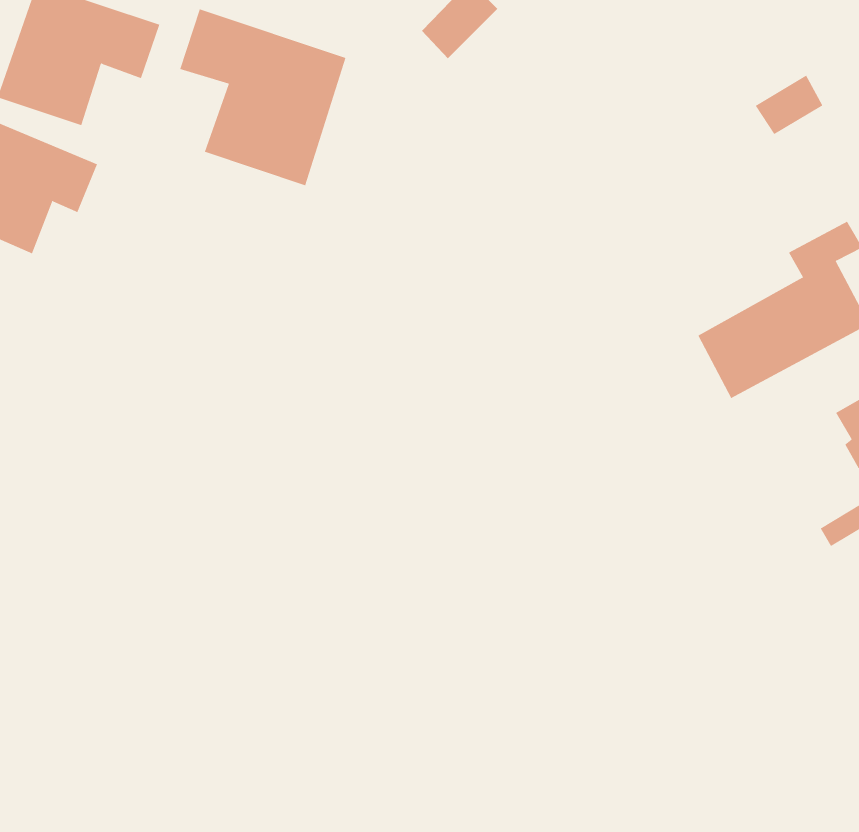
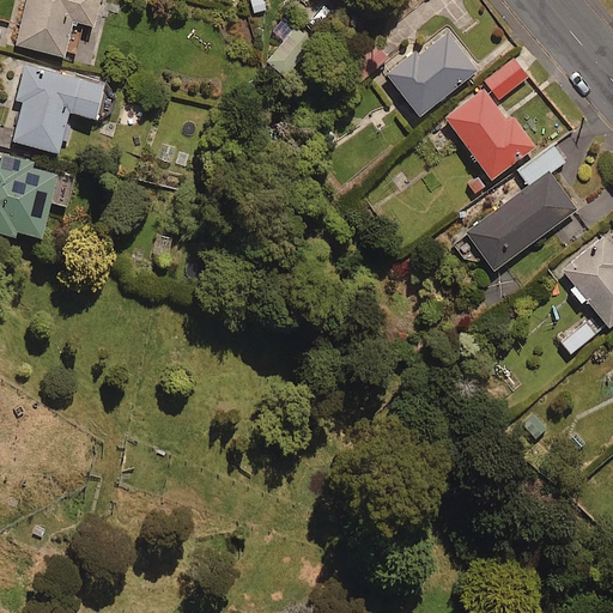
building: [180,9,346,186] -> none
building: none -> [387,29,478,116]
building: none -> [447,89,535,180]

